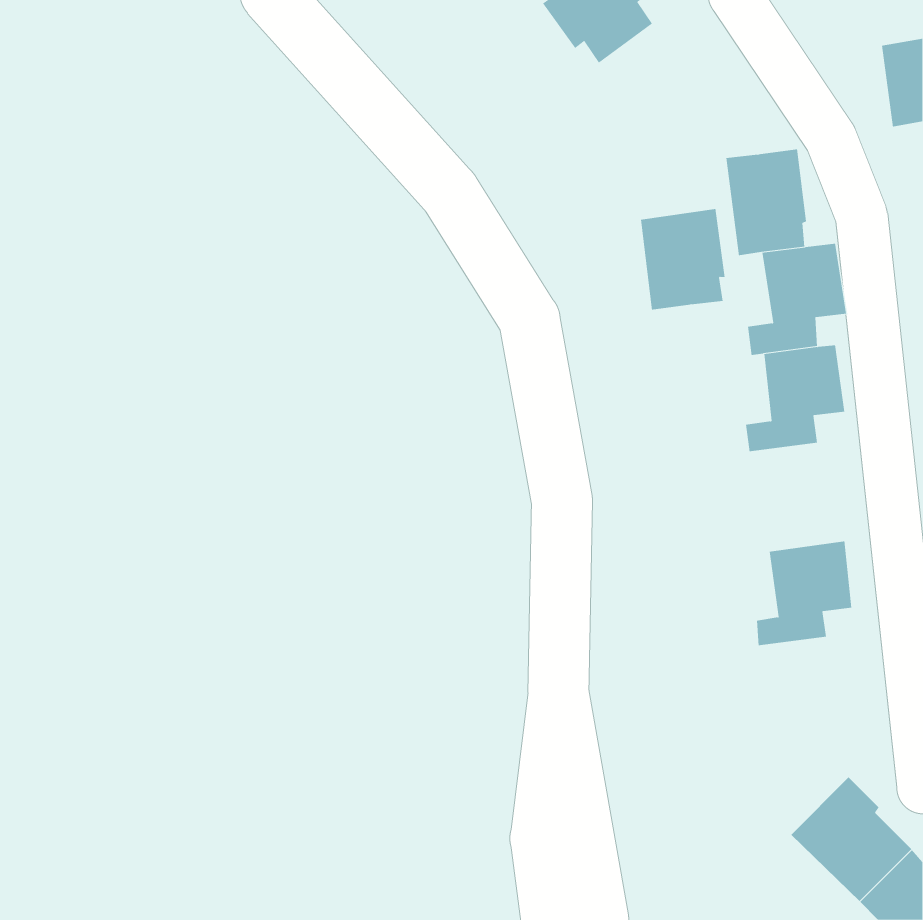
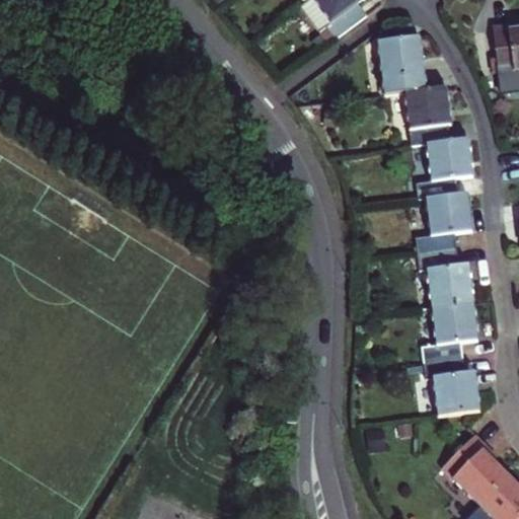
building: [640,209,725,310] -> [377,34,425,91]
building: none -> [419,247,472,308]
building: none -> [424,356,479,415]

